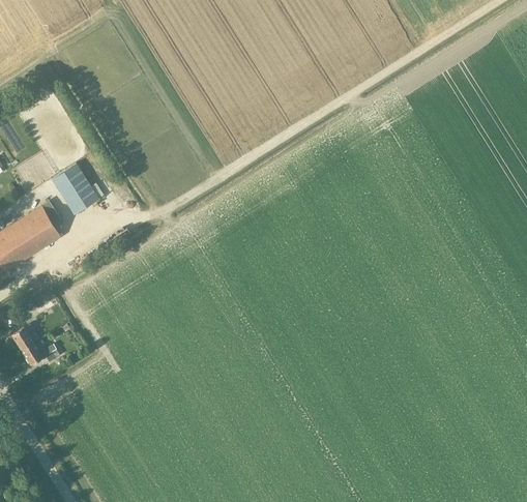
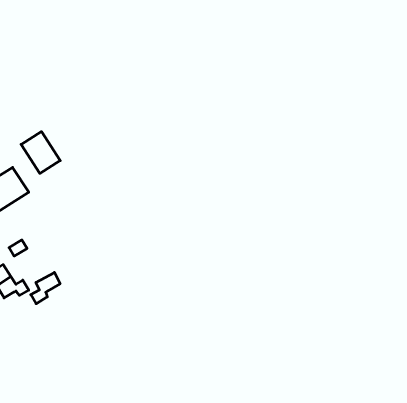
building: none -> [31,272,60,304]

